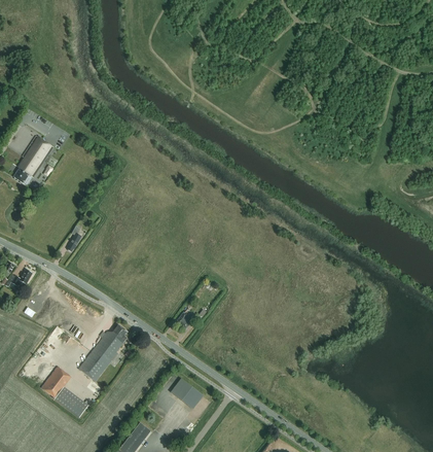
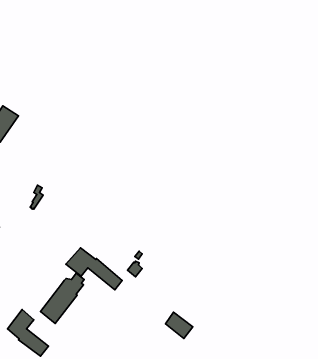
building: none -> [66,248,122,290]
building: [171,378,202,408] -> [165,312,193,339]

